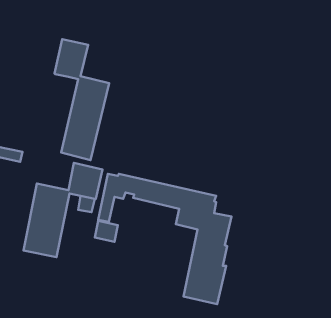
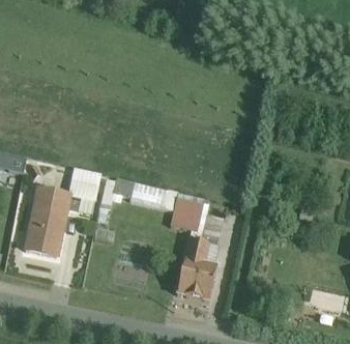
building: [54,39,109,160] -> none

